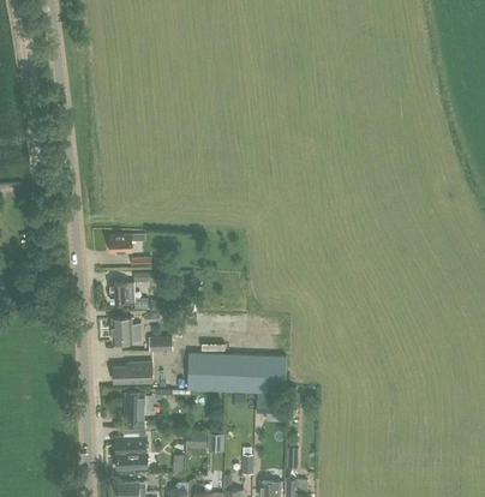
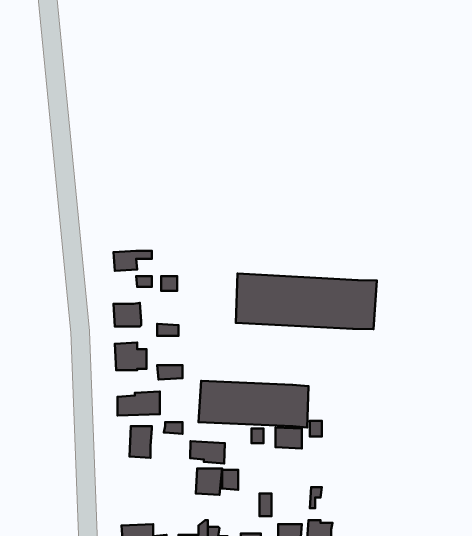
building: none -> [236,274,377,329]
building: none -> [190,441,225,464]
building: [115,437,148,467] -> none

